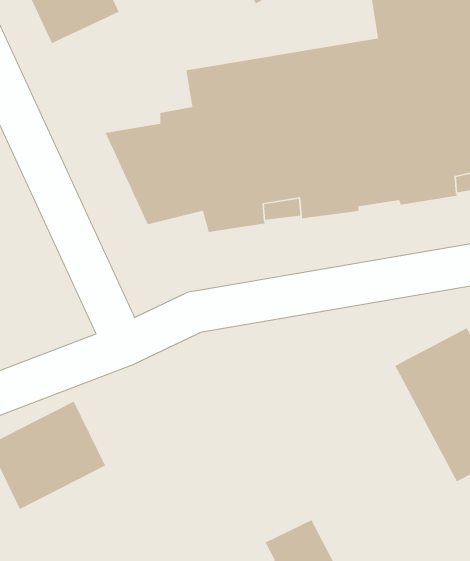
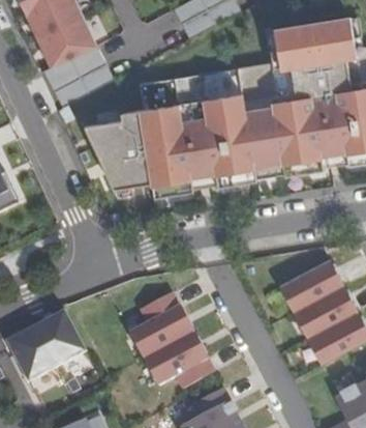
building: none -> [40,45,113,107]
building: none -> [130,293,215,389]

